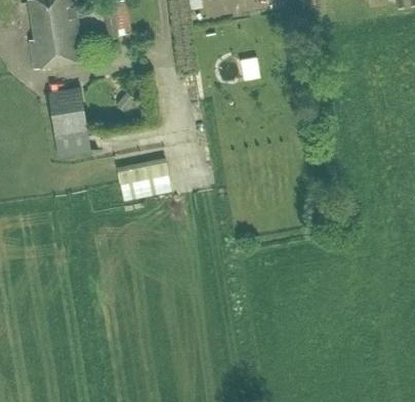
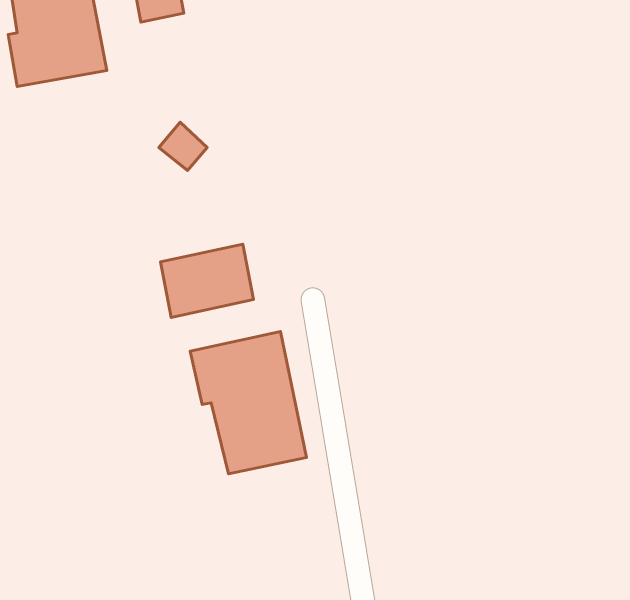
building: [48,88,90,158] -> none
building: none -> [190,332,306,474]

